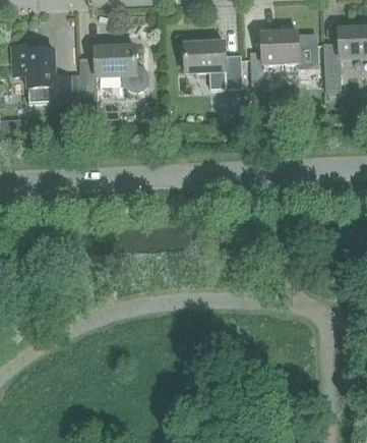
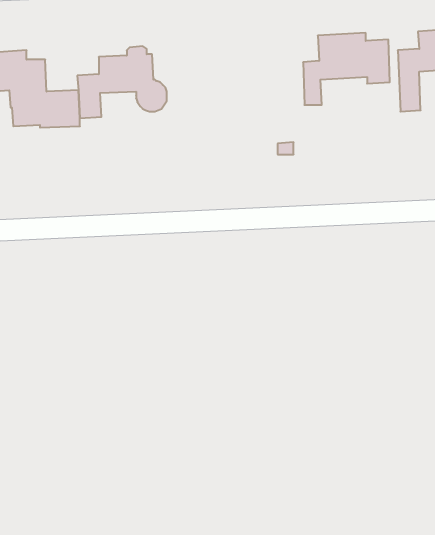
building: [184,43,241,89] -> none

